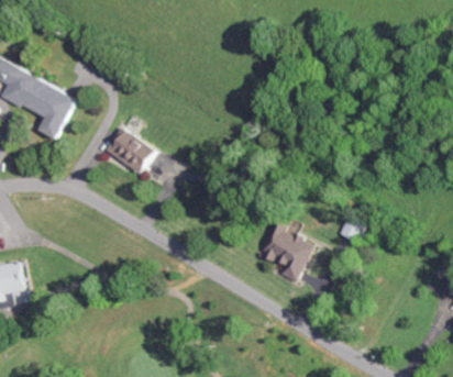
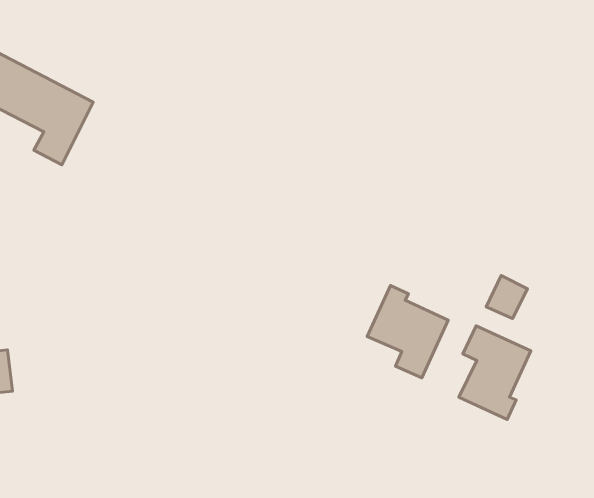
building: [106,129,155,174] -> none
building: none -> [459,326,531,419]

